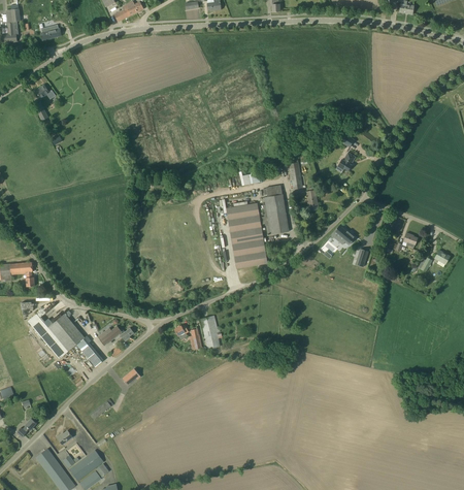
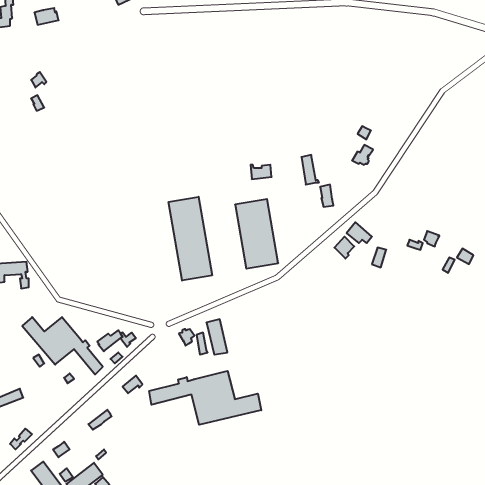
building: [261,193,289,234] -> none
building: none -> [169,197,212,281]
building: none -> [149,371,261,425]

